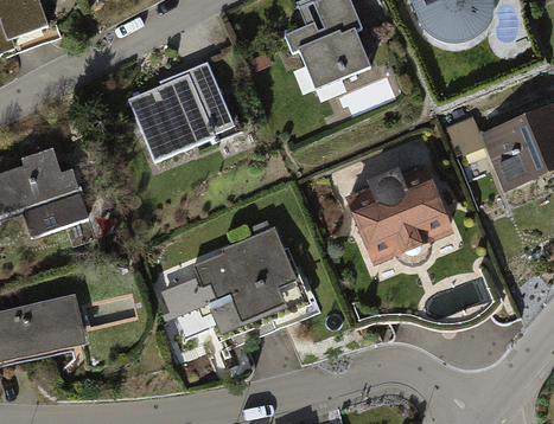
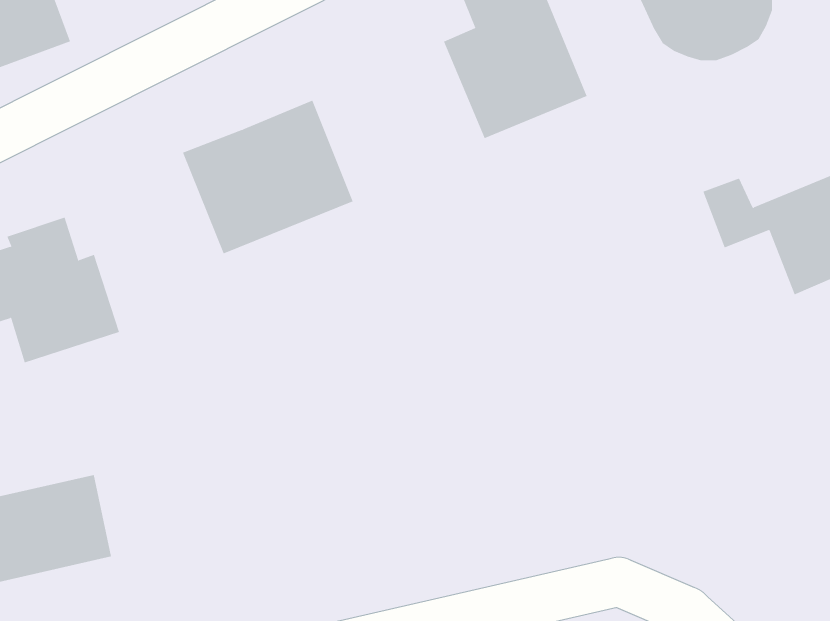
building: [346,167,450,258] -> none
building: [158,233,297,341] -> none

